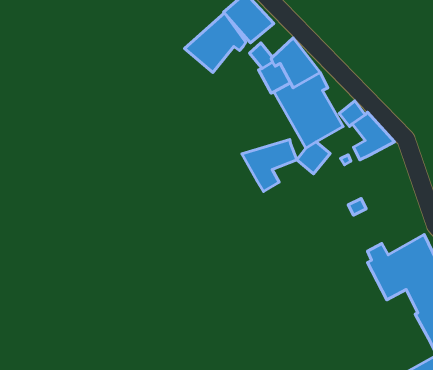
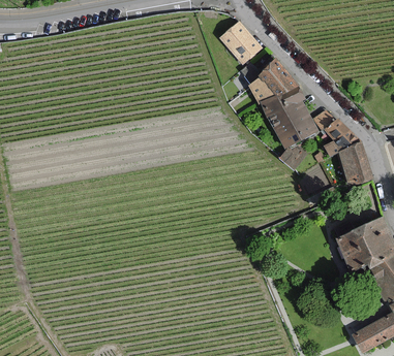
building: [184,13,246,73] -> none
building: [242,140,297,192] -> none
building: none -> [338,141,373,186]

